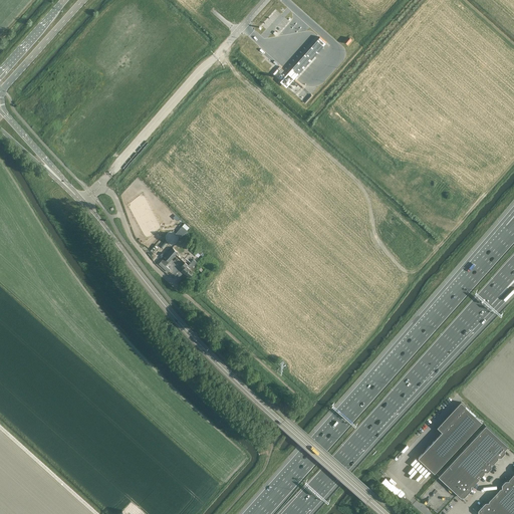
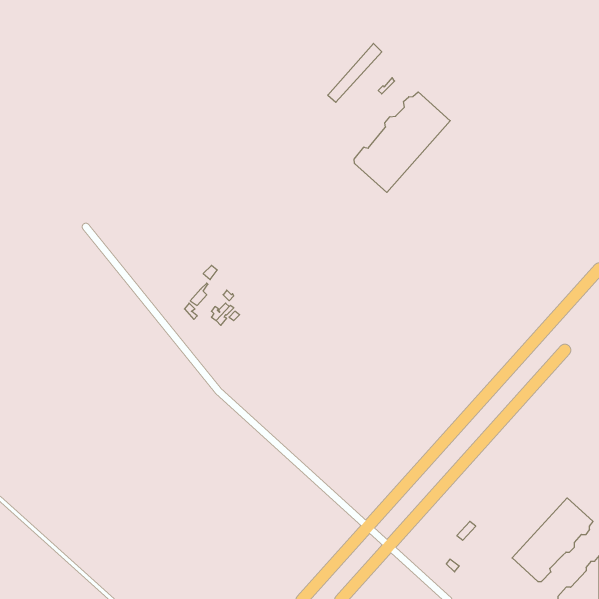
building: none -> [354,92,450,192]
building: [418,404,481,475] -> none

